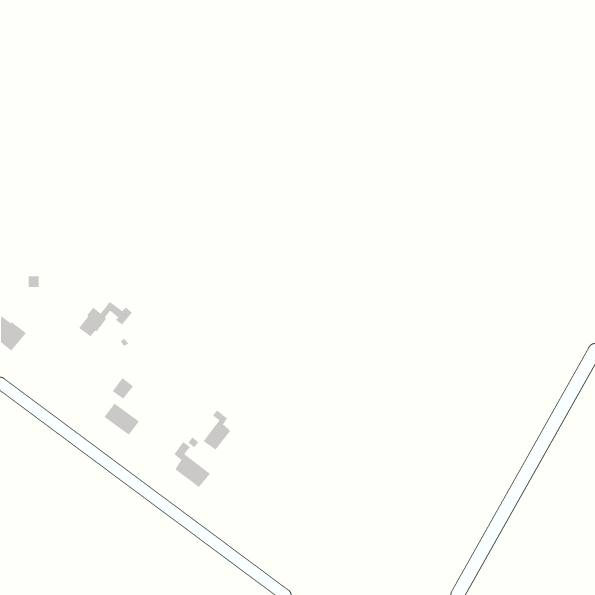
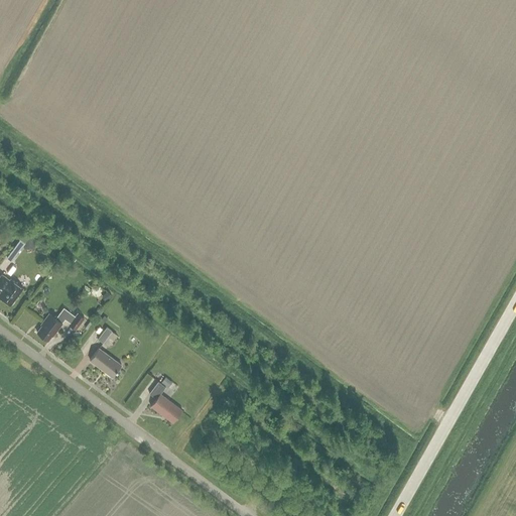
building: [78,301,133,337] -> [37,308,85,340]
building: [203,410,231,451] -> none

